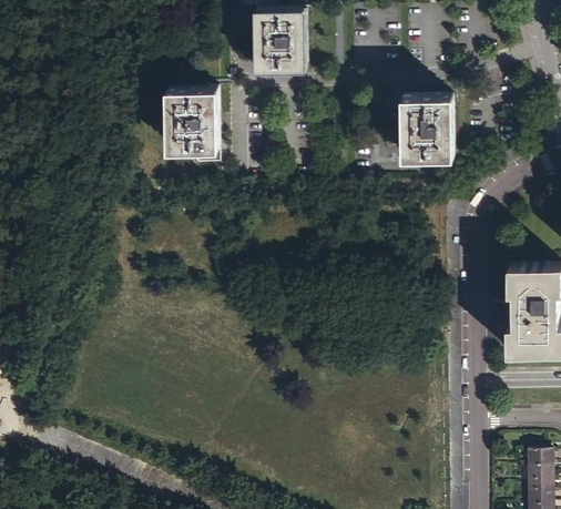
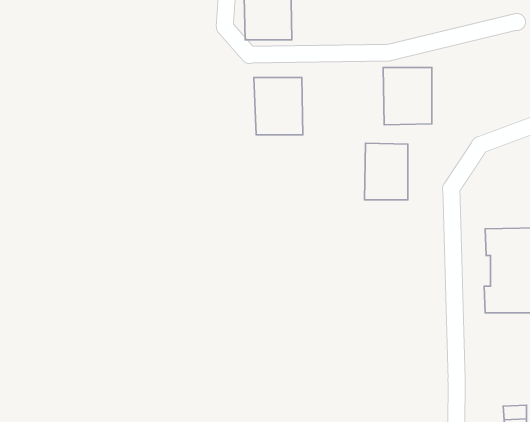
building: [166,91,217,151] -> [254,78,303,135]
building: none -> [364,143,408,200]

